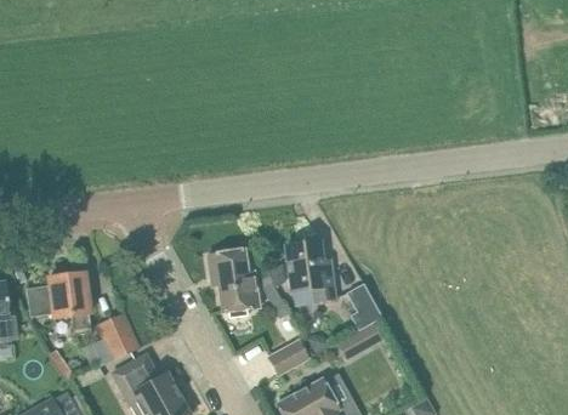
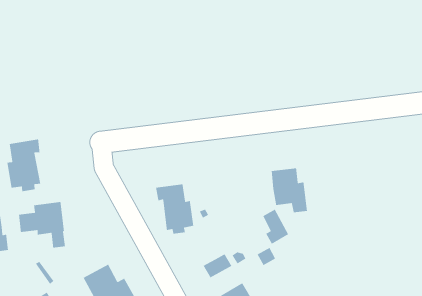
building: none -> [7,138,41,192]
building: [286,240,335,300] -> [271,168,308,213]
building: [98,313,138,358] -> none

